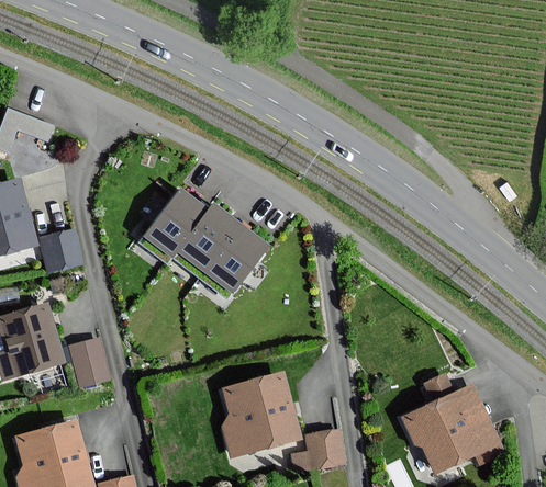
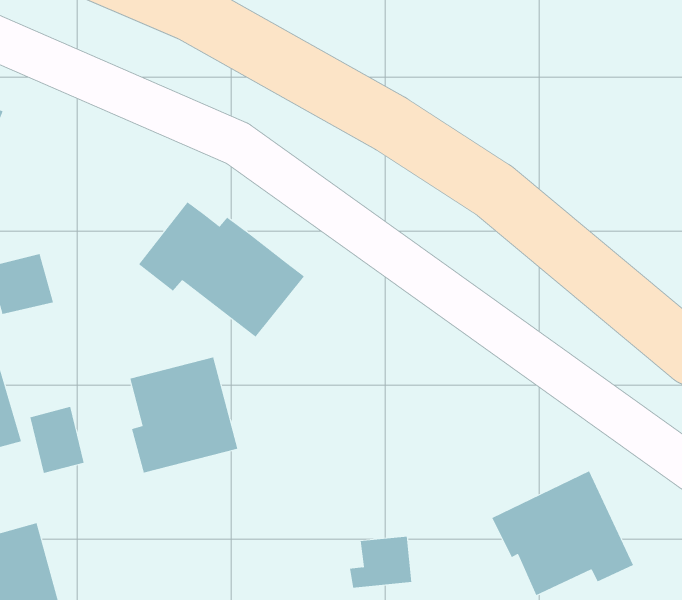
building: [221,373,299,456] -> [130,357,238,473]

